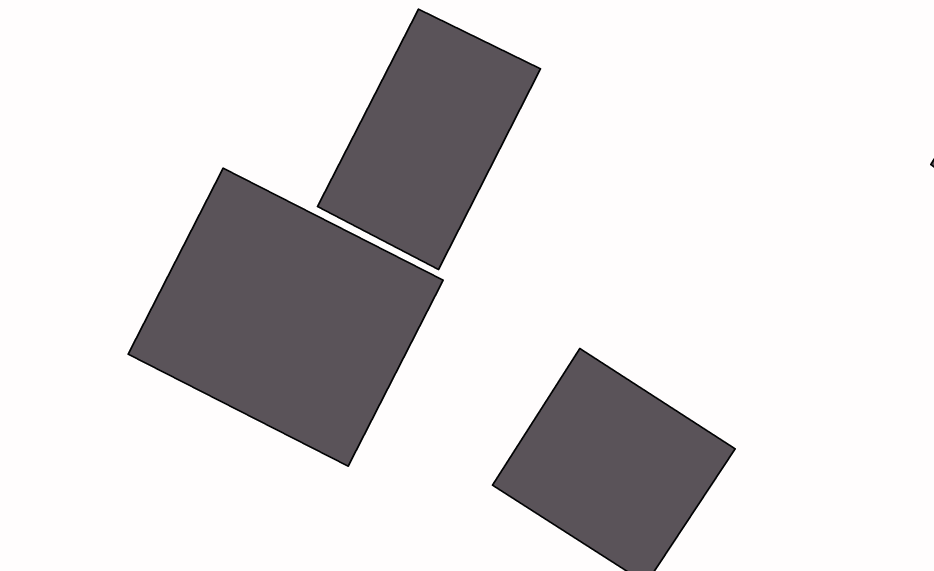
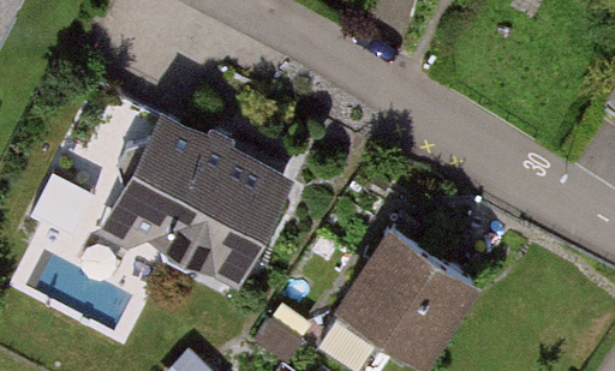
building: [317,9,541,269] -> none

